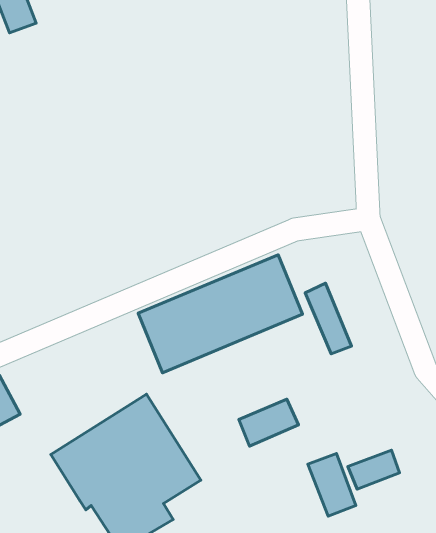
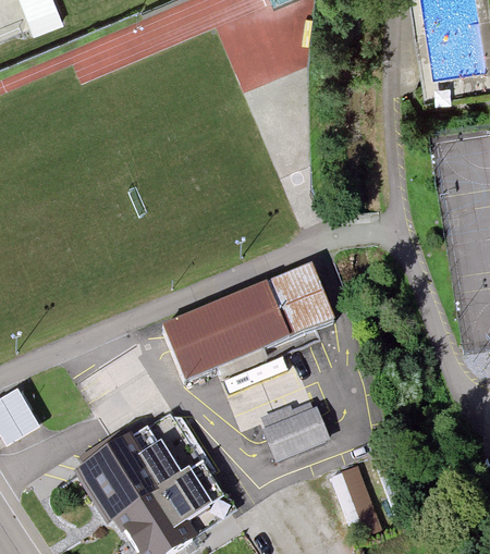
building: [305,283,352,354] -> none
building: [348,450,400,489] -> none

